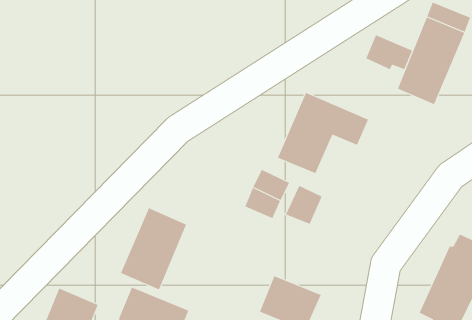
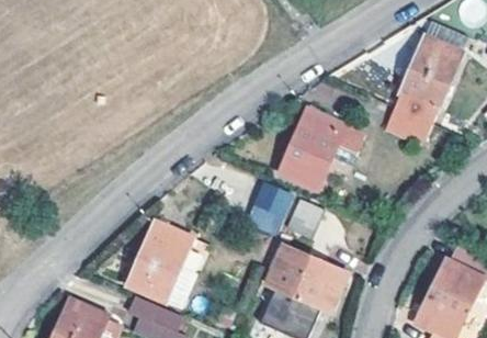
building: [365,35,413,70] -> [386,105,432,139]
building: none -> [267,246,346,309]

